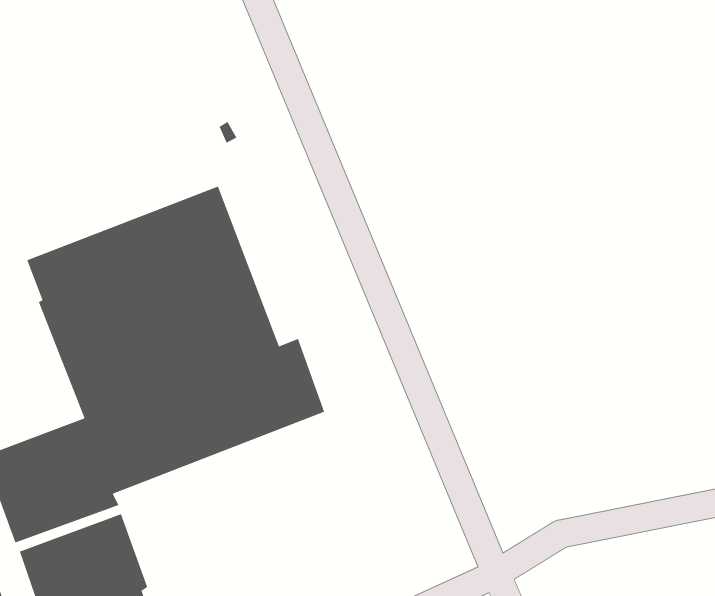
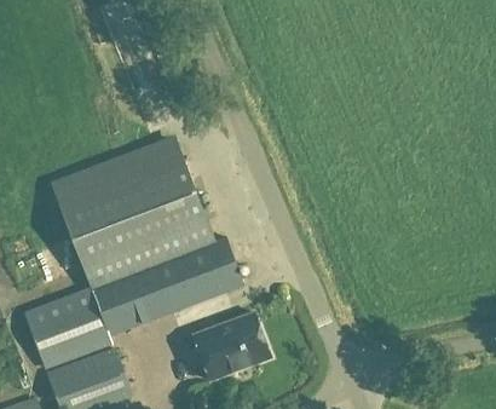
building: none -> [190,312,270,382]

